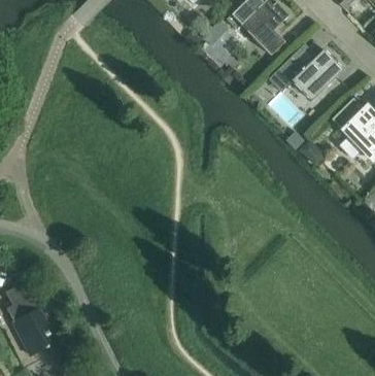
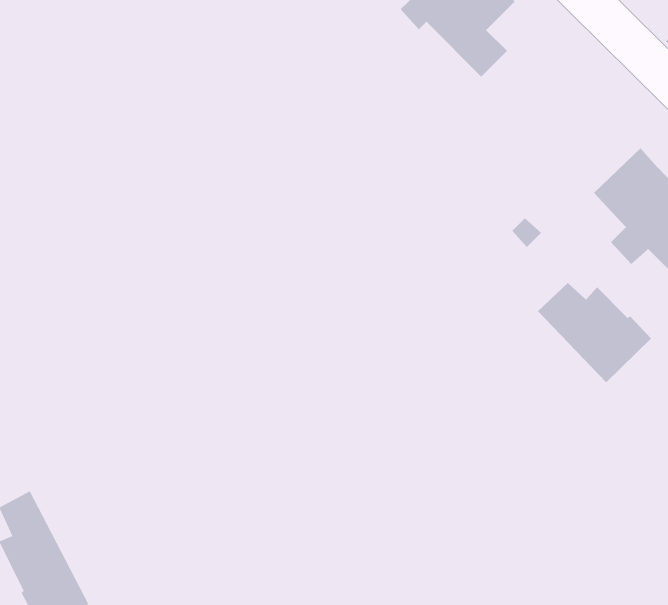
building: [269,48,344,101] -> none
building: none -> [537,282,652,383]

